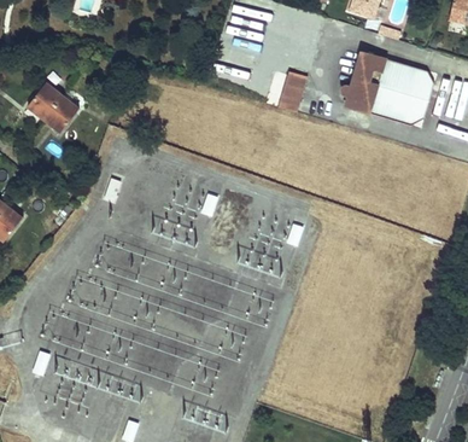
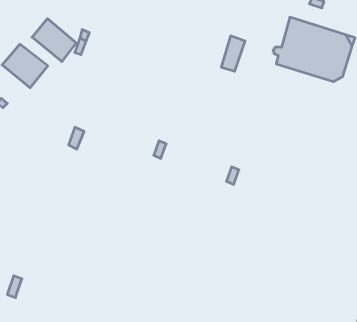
building: none -> [32,19,76,62]

